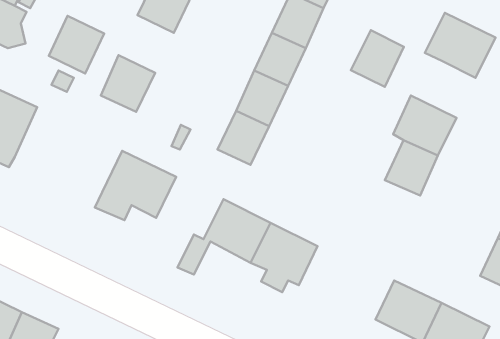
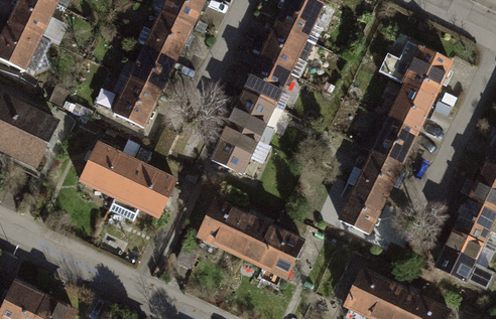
building: [49,16,104,74] -> [128,42,175,92]
building: [351,30,404,87] -> [388,82,433,130]
building: none -> [81,142,131,193]
building: none -> [340,183,386,230]

